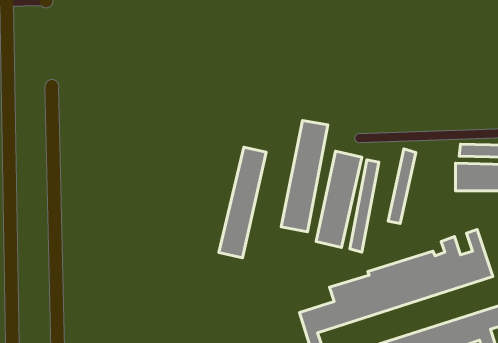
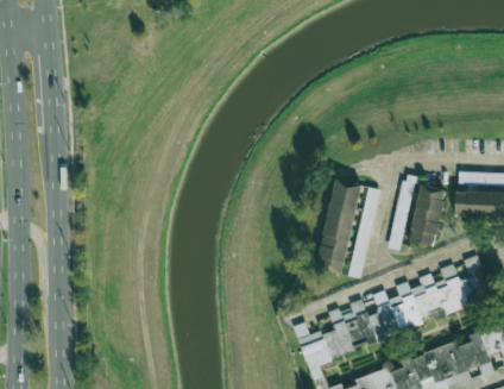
building: [281,120,328,232] -> none
building: [219,147,266,258] -> none
building: none -> [408,183,446,246]

